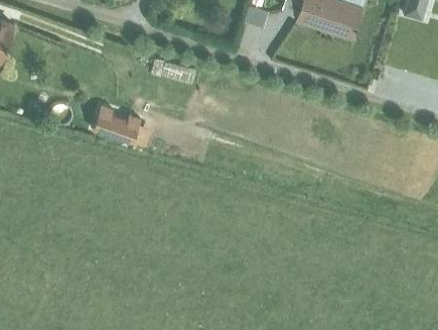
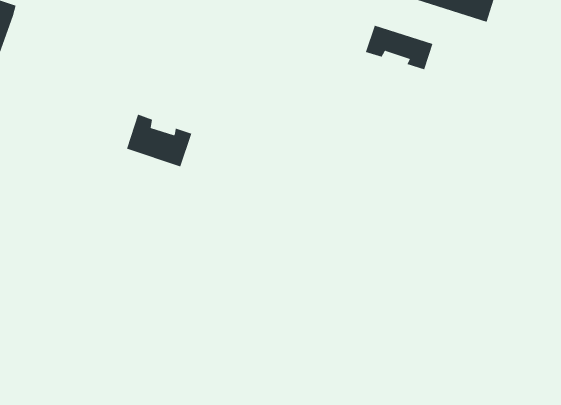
building: none -> [365,25,433,70]

